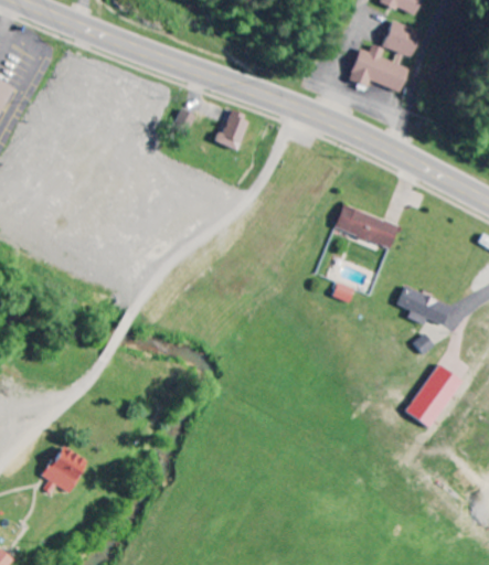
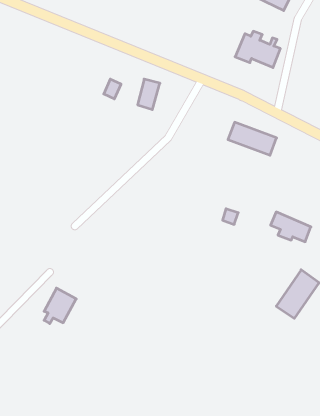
building: [385,21,423,58] -> none
building: [334,205,400,249] -> [228,122,277,155]
building: [41,447,84,494] -> [44,288,76,324]

